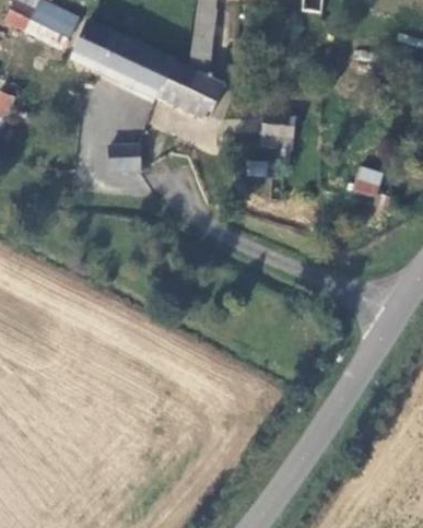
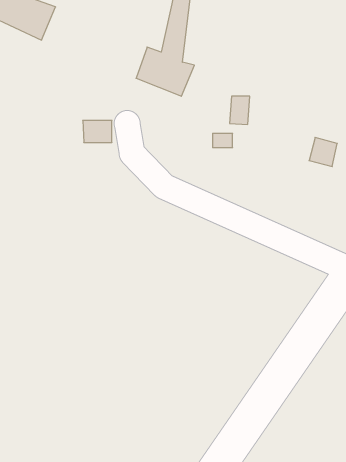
building: [73,23,174,96] -> none

